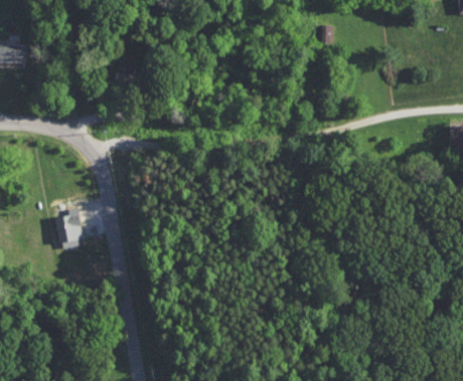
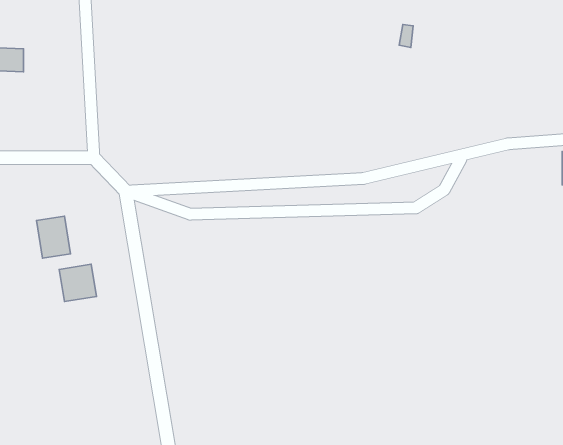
building: none -> [37,216,71,258]

